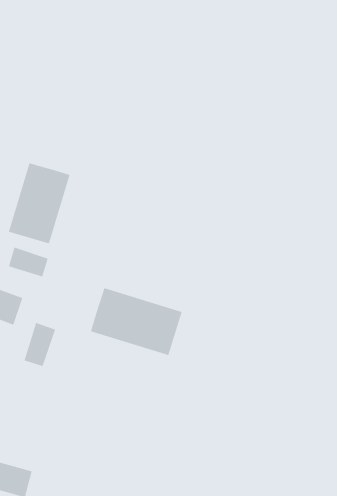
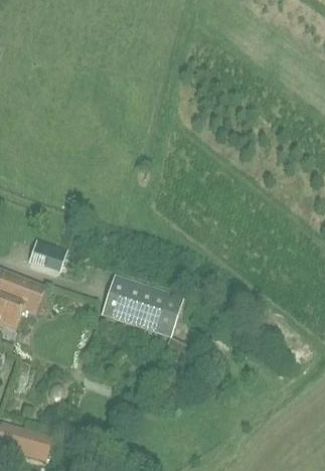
building: [8,163,70,244] -> none
building: [24,322,56,367] -> none

